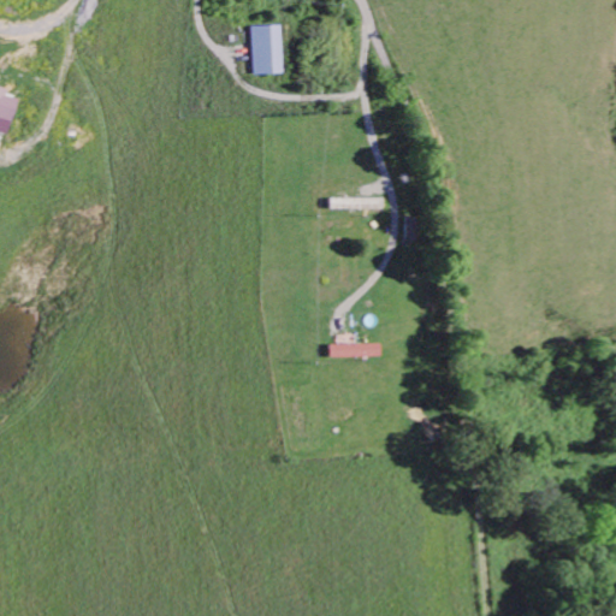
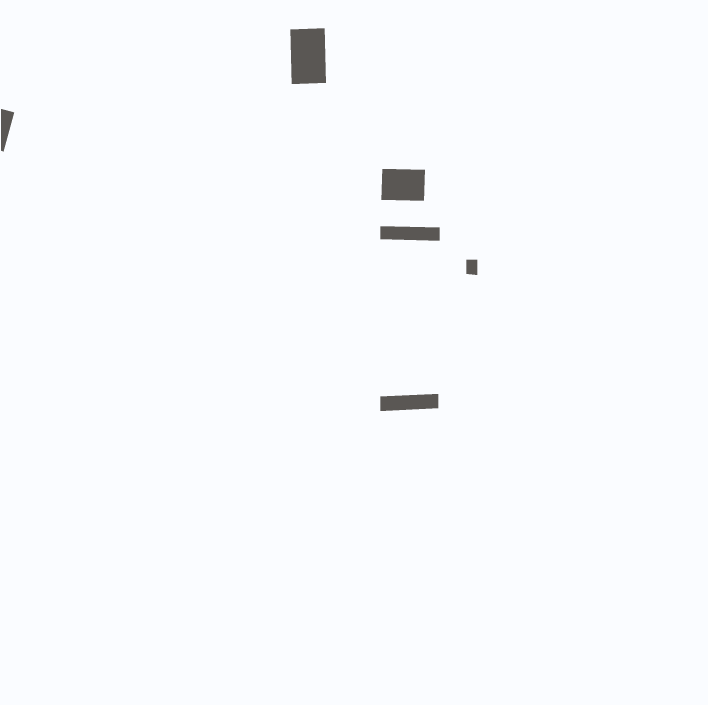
building: none -> [381,168,426,201]

